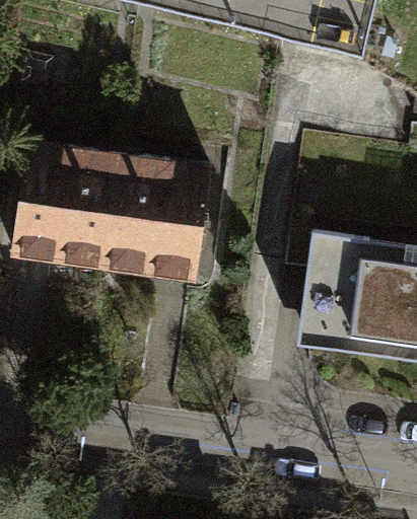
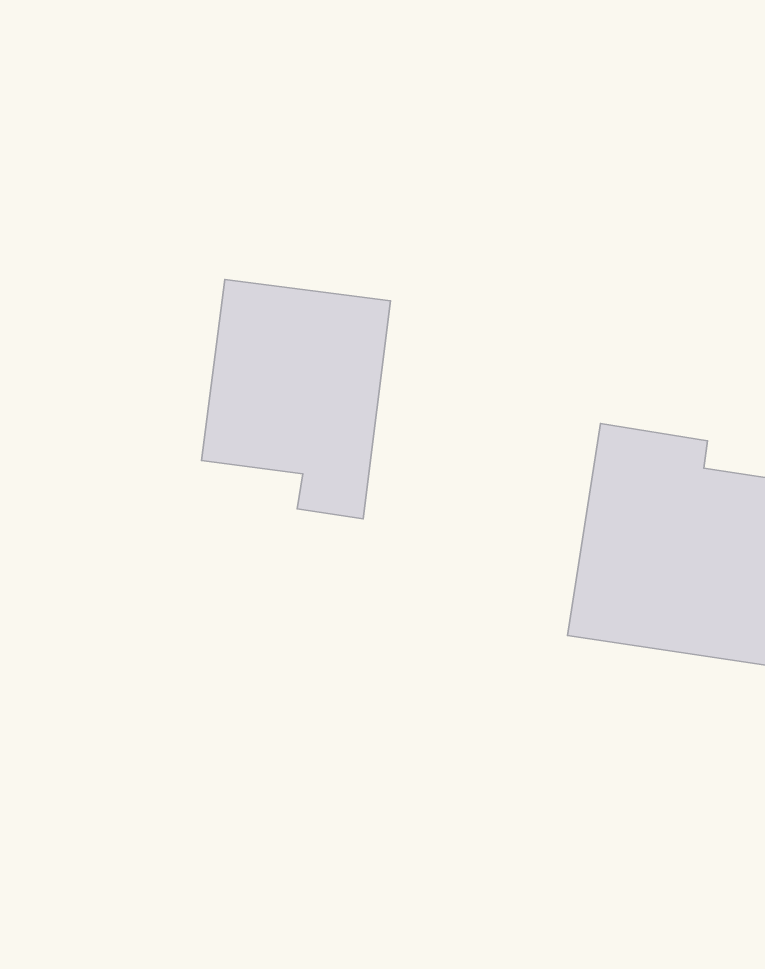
building: [21,144,129,257] -> none

